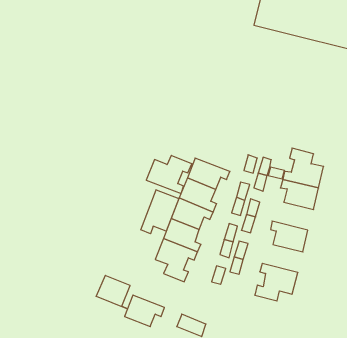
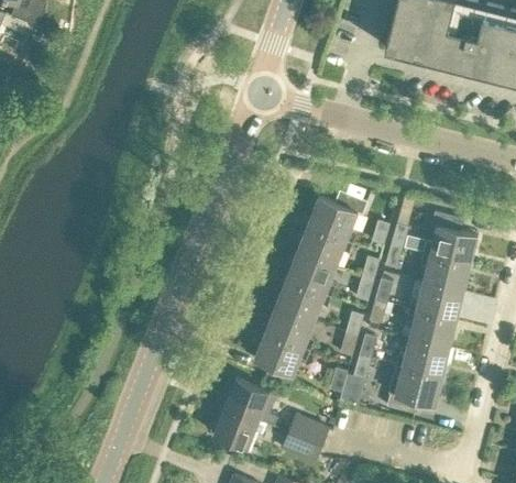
building: [146,155,192,194] -> [307,193,367,243]
building: [141,190,179,234] -> none
building: none -> [409,284,464,321]
building: none -> [396,340,450,377]
building: [96,275,130,309] -> [224,380,270,424]
building: none -> [289,417,328,446]

